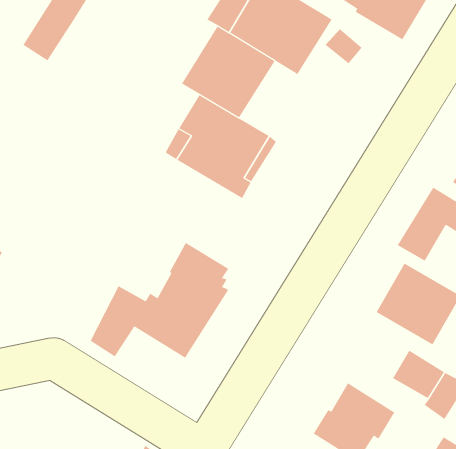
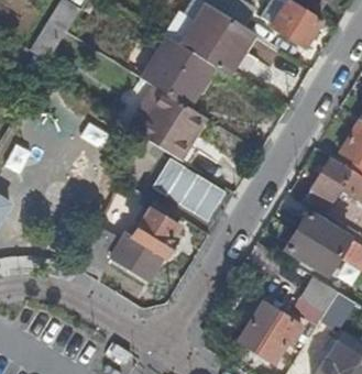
building: none -> [150,156,226,222]

